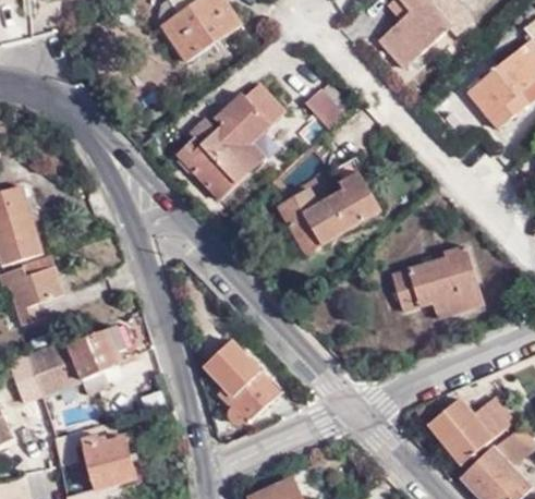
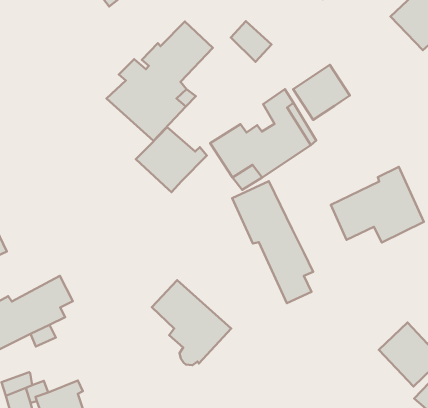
building: none -> [293,65,350,120]
building: none -> [136,127,207,192]
building: none -> [232,181,313,303]

